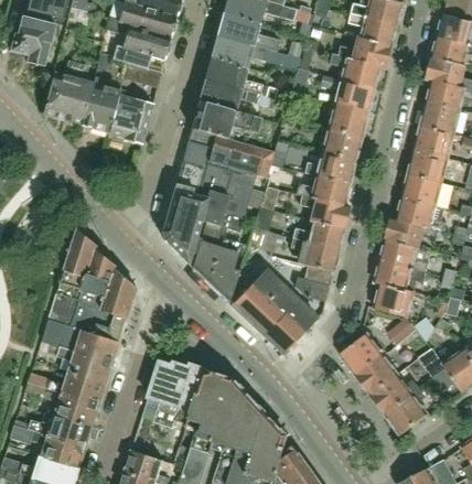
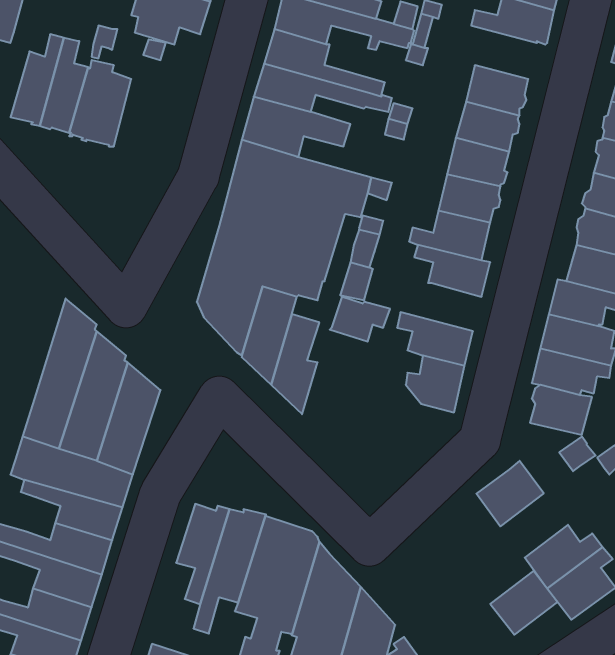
building: [330,54,378,89] -> none
building: [108,89,152,142] -> none
building: [291,219,343,250] -> none
building: [230,268,318,354] -> none
building: [355,354,398,395] -> [490,571,558,635]

